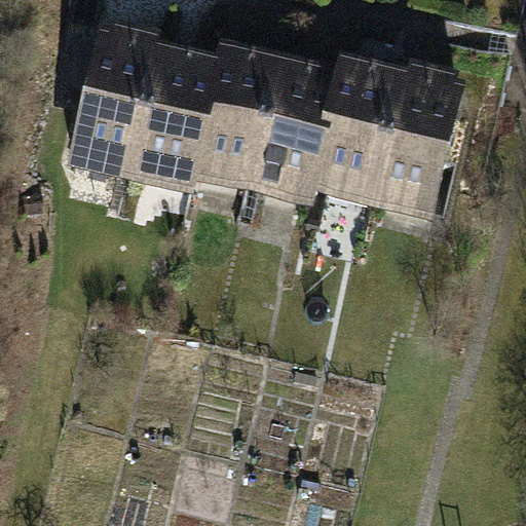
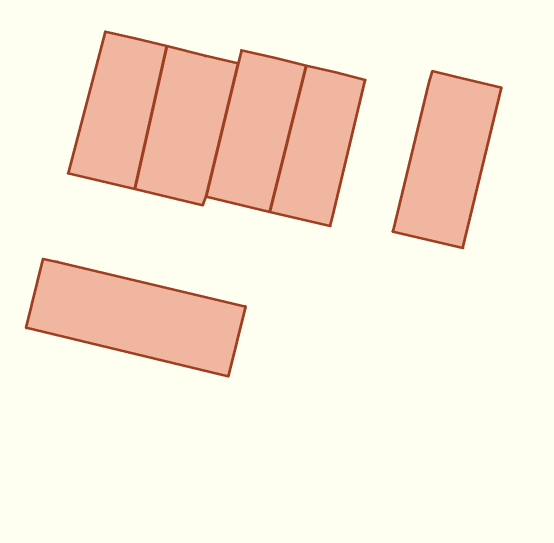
building: [311,63,402,217] -> none
building: none -> [26,259,245,376]

